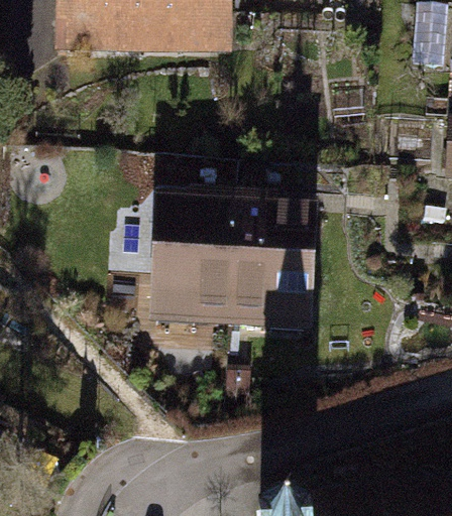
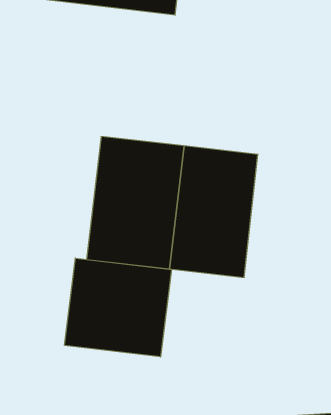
building: none -> [65,258,171,357]

